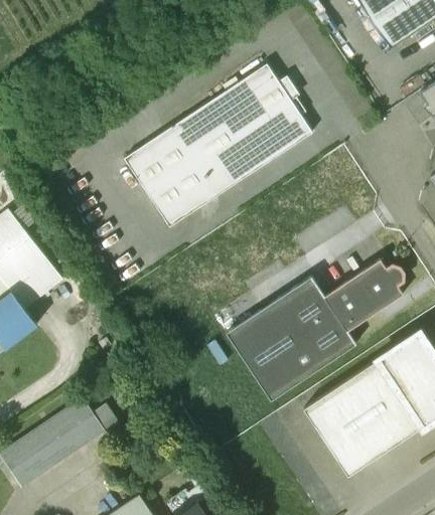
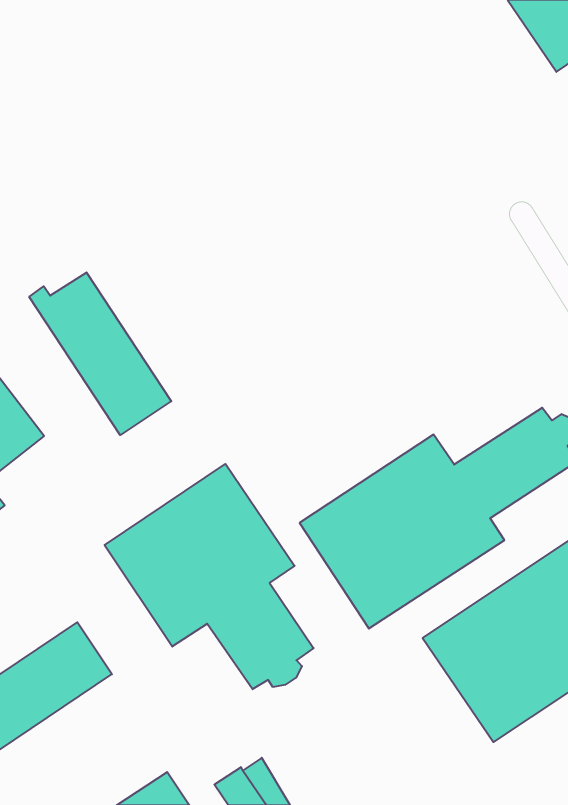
building: [124,64,312,226] -> none
building: none -> [29,272,171,435]
building: none -> [105,464,314,689]

